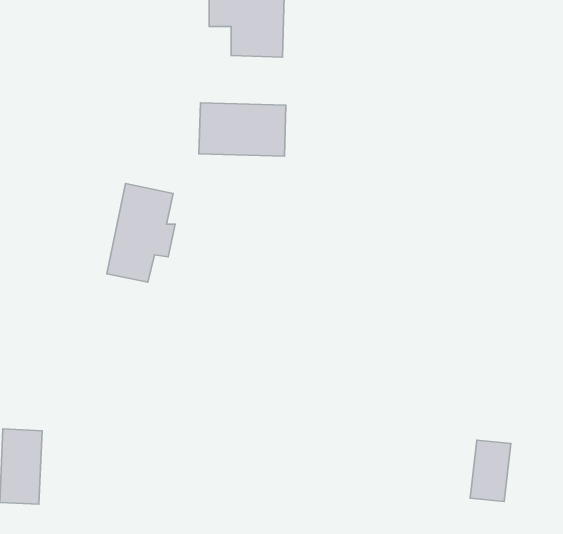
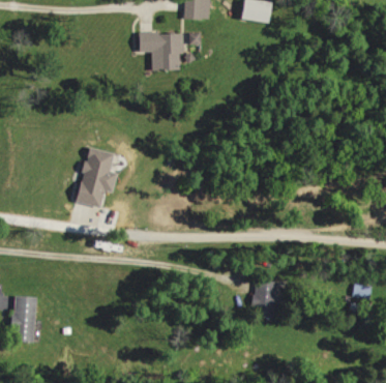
building: [199,103,286,156] -> none
building: [470,440,511,501] -> [254,281,278,318]

